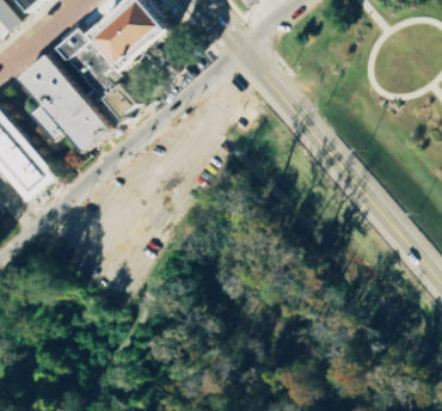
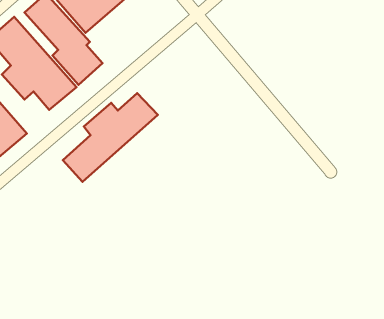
building: none -> [63,93,158,182]

